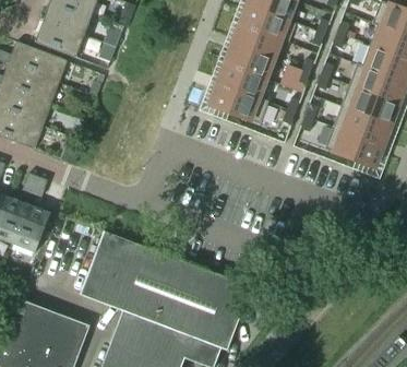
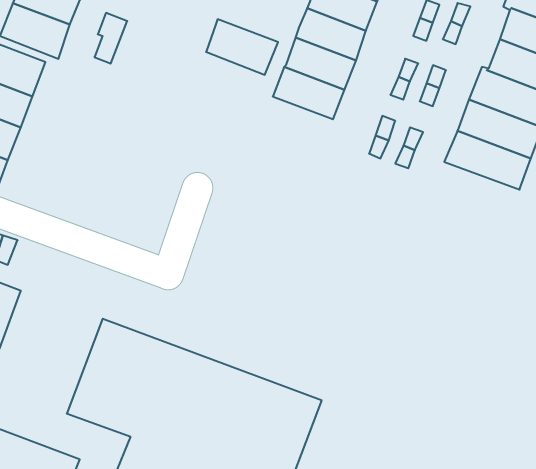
building: [210,83,258,120] -> [206,19,278,75]
building: [324,127,382,167] -> none

